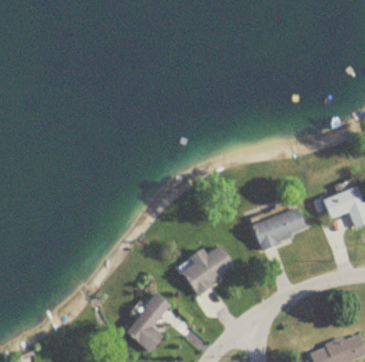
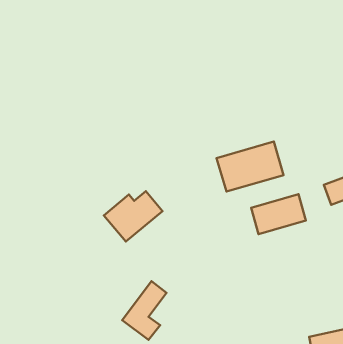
building: none -> [217,142,284,192]
building: [177,245,234,294] -> [104,191,163,242]

